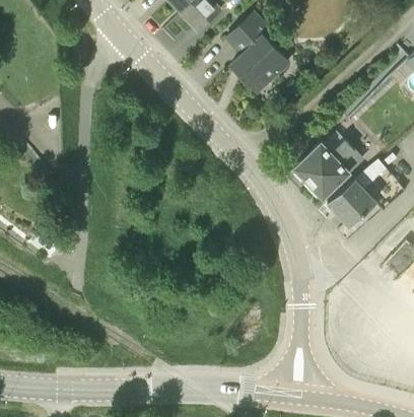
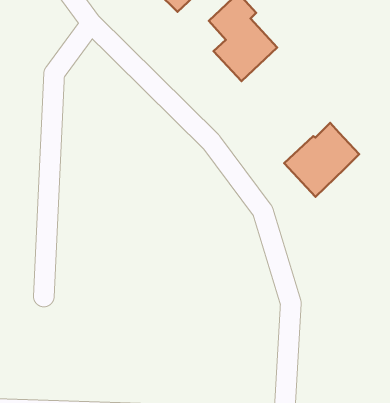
building: [328,160,387,226] -> none

